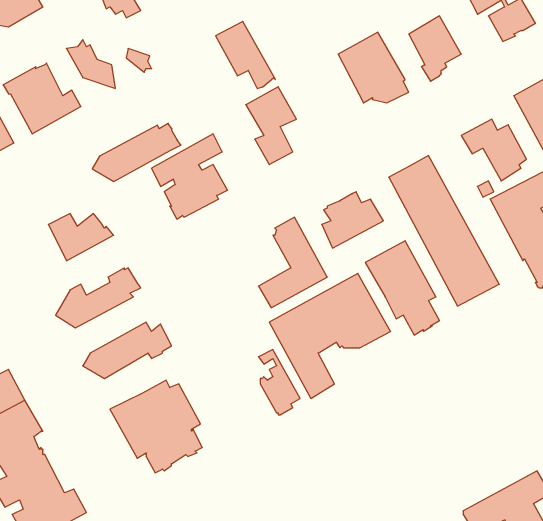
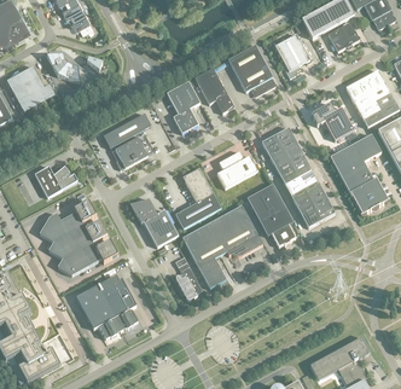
building: [216,21,275,89] -> [193,66,233,111]
building: [92,123,181,181] -> [47,219,106,257]
building: none -> [130,197,178,245]

